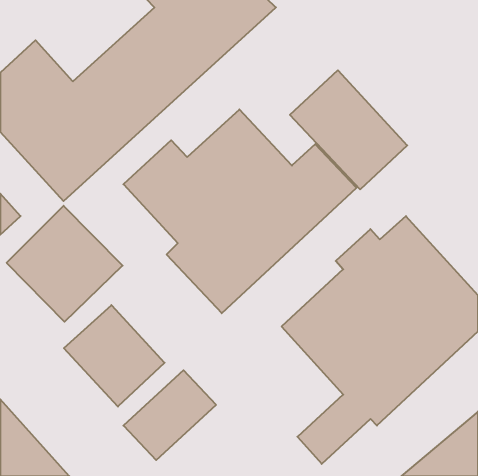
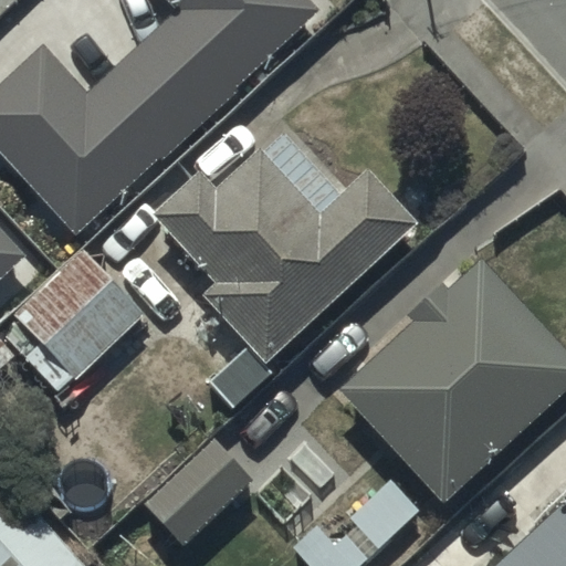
building: [290,70,407,189] -> none
building: [64,305,165,407] -> none

